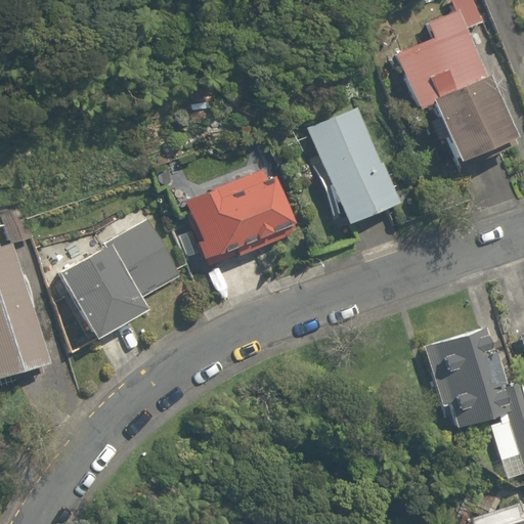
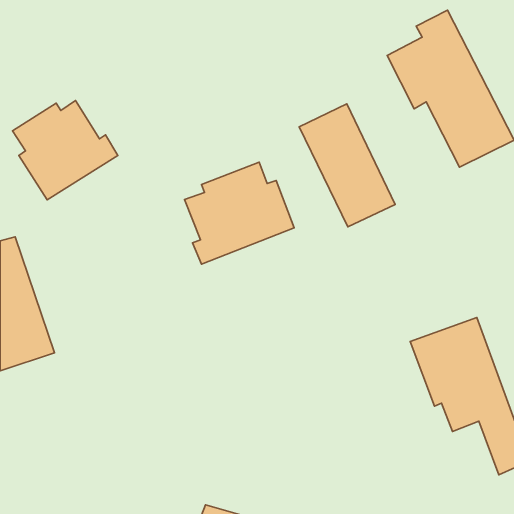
building: none -> [13,100,118,200]
building: [56,216,175,337] -> none

